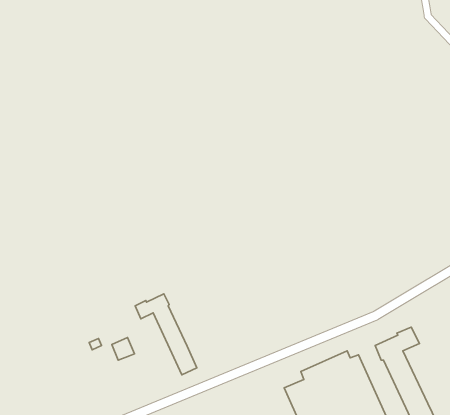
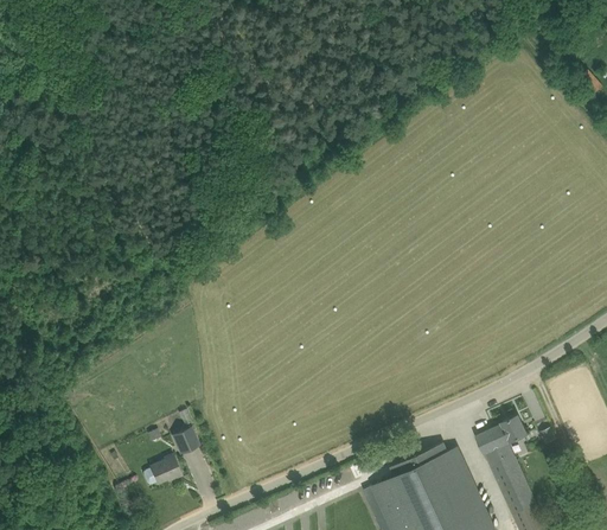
building: [135,294,197,375] -> none
building: none -> [143,455,181,485]

